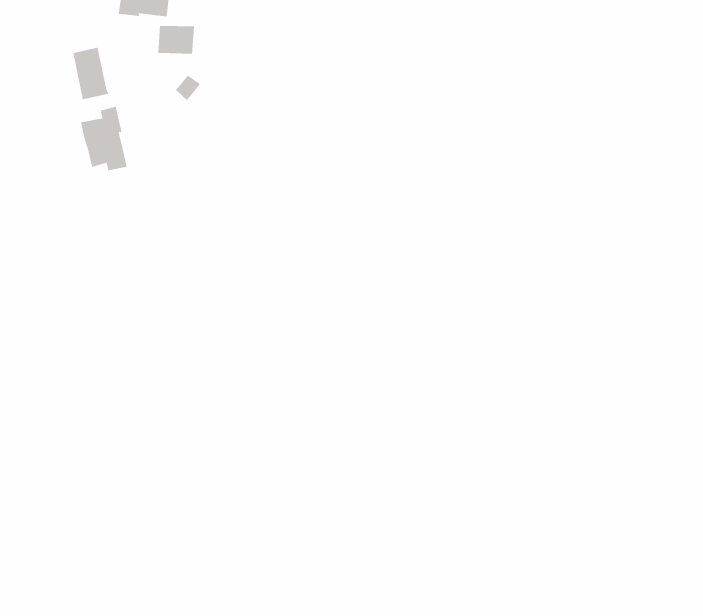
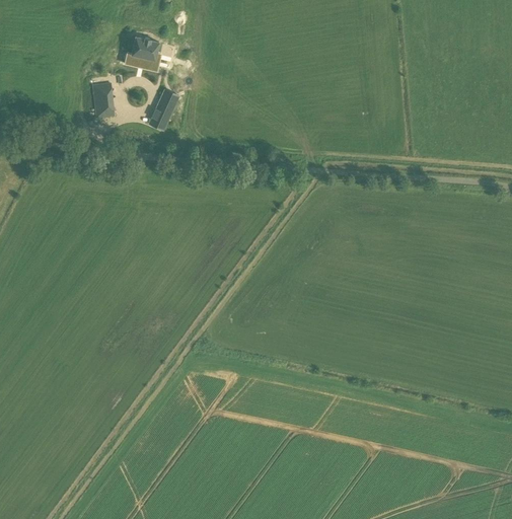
building: [80,106,127,171] -> none

